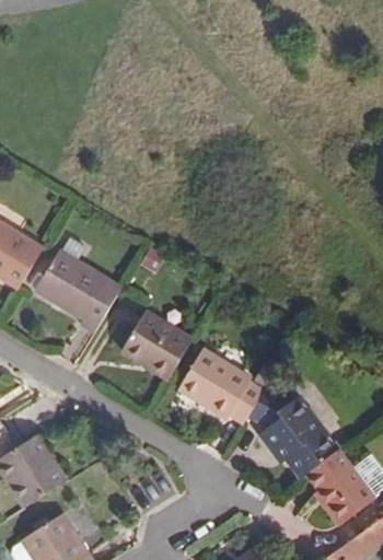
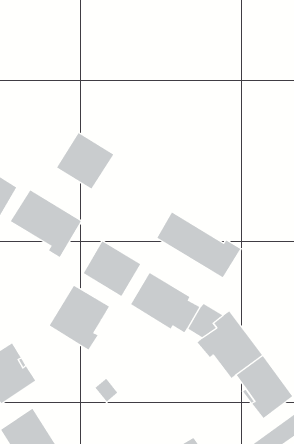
building: none -> [56,132,114,189]
building: none -> [156,212,241,278]
building: none -> [49,285,110,351]

